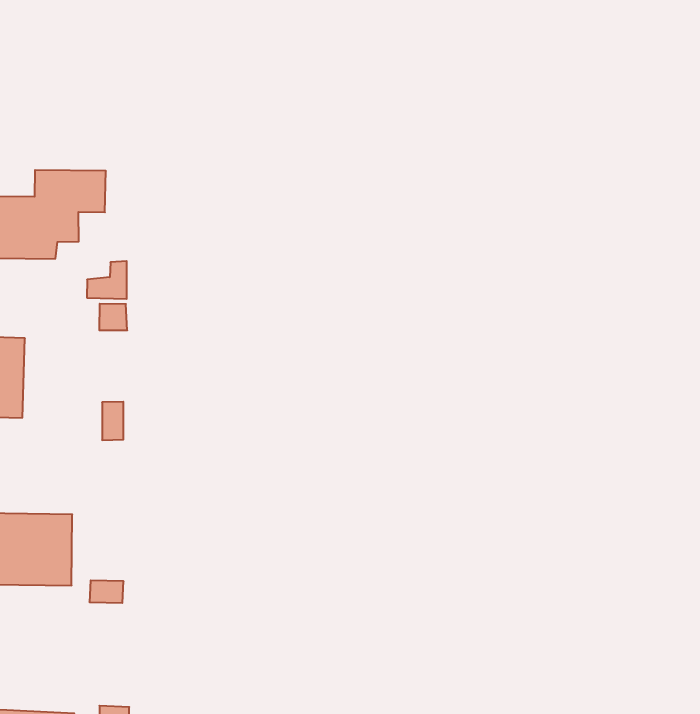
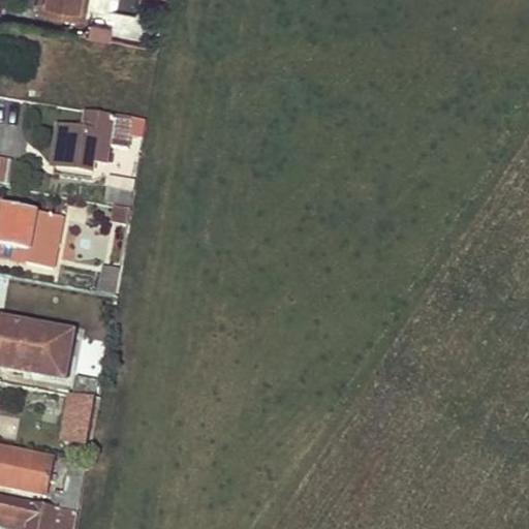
building: none -> [63,394,92,440]

